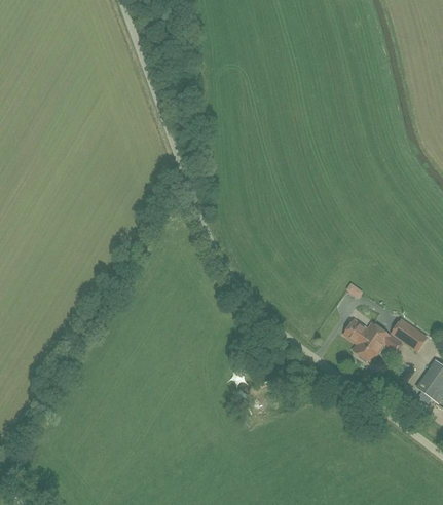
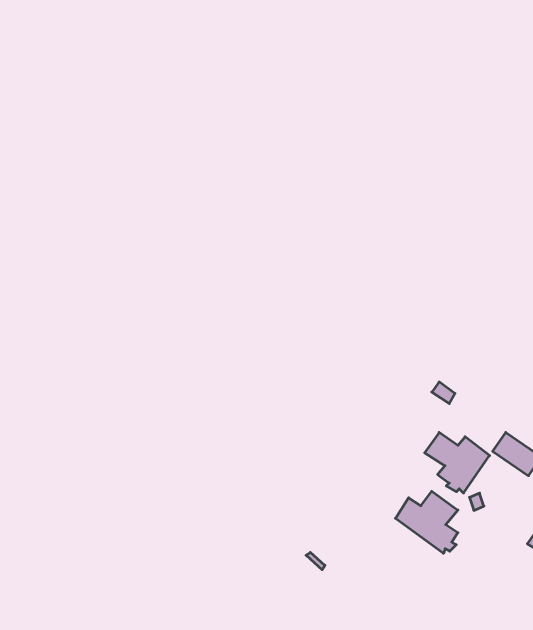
building: none -> [395,491,458,553]

